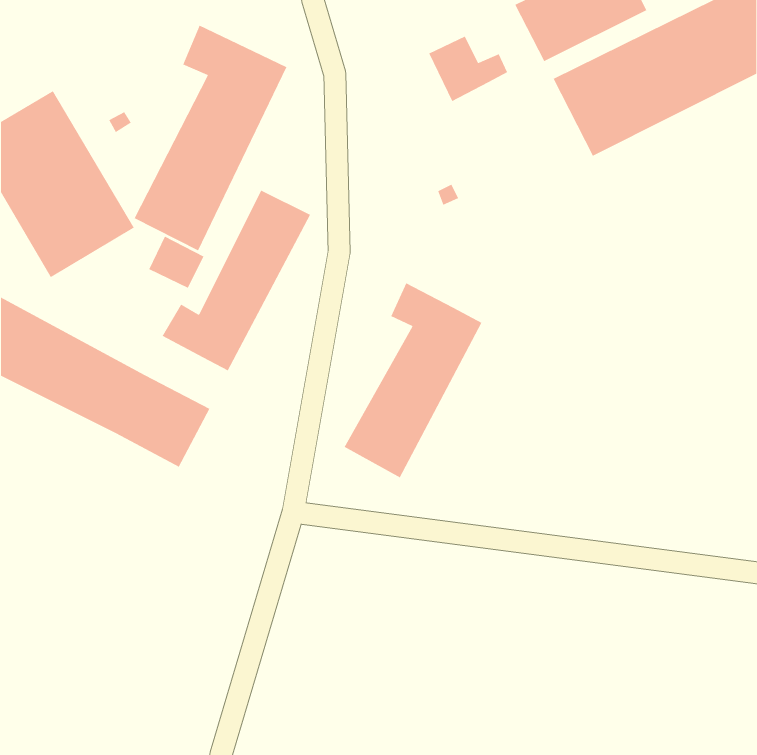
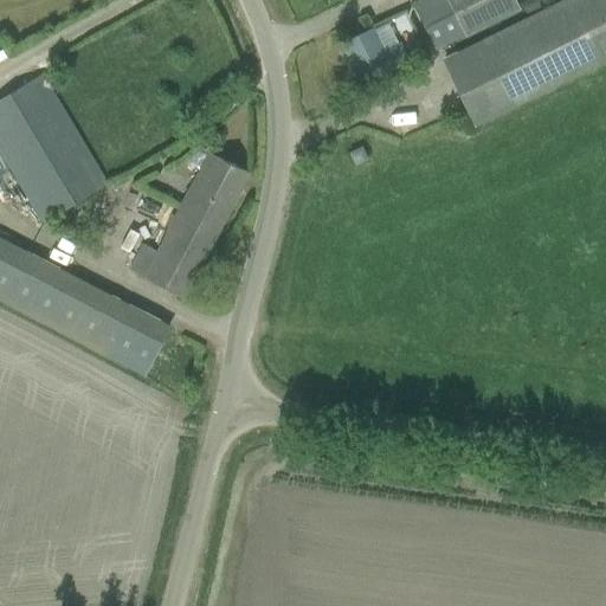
building: [133,25,288,251] -> none
building: [344,282,483,478] -> none

